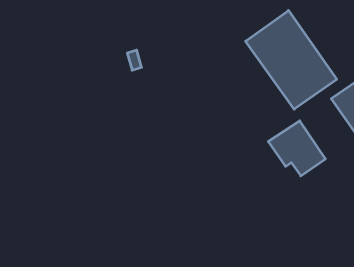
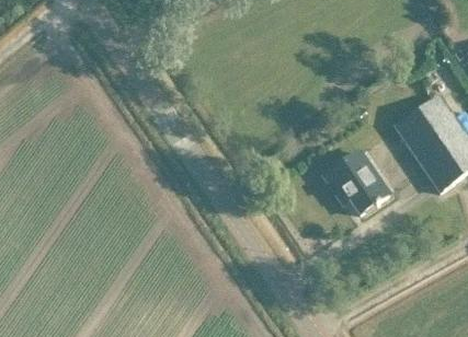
building: [246,10,337,109] -> none

